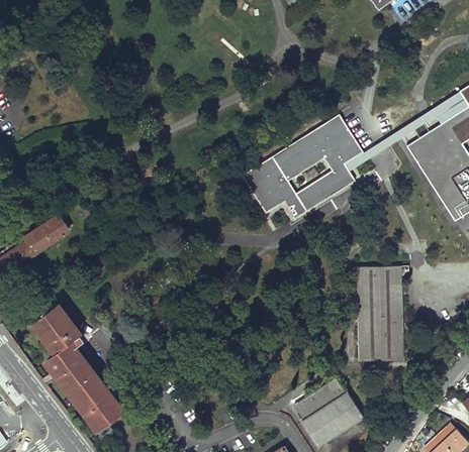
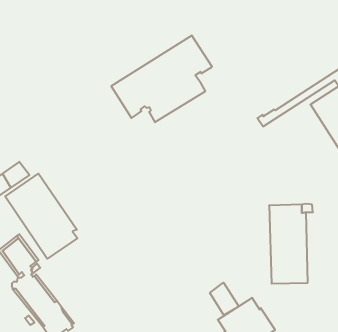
building: [242,115,363,219] -> [111,36,212,122]
building: none -> [5,174,77,259]
building: none -> [210,283,239,315]

